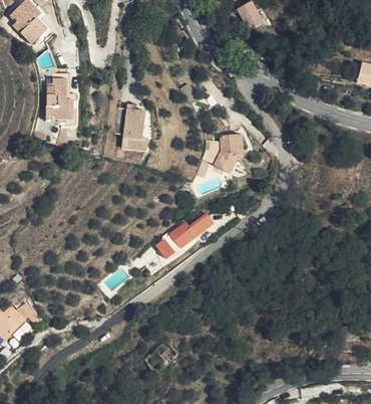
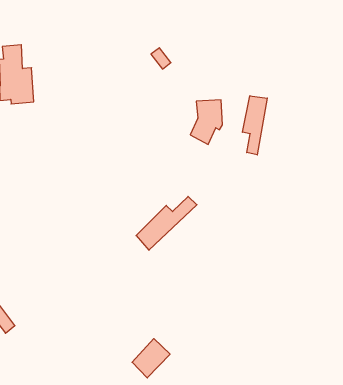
building: [114,108,147,151] -> none
building: none -> [242,96,267,155]

